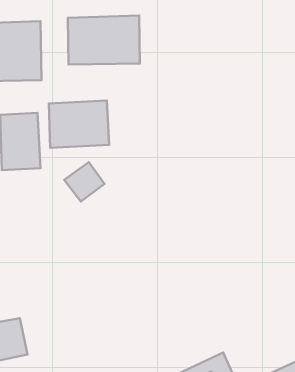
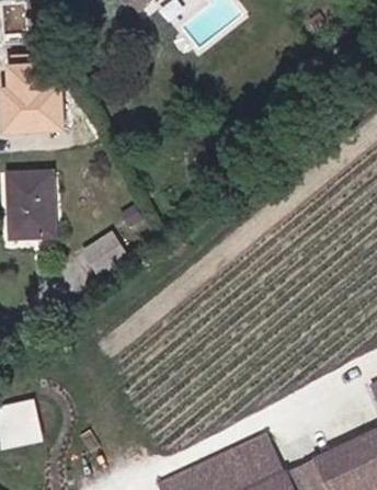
building: [68,16,140,64] -> none
building: [49,101,109,148] -> none

